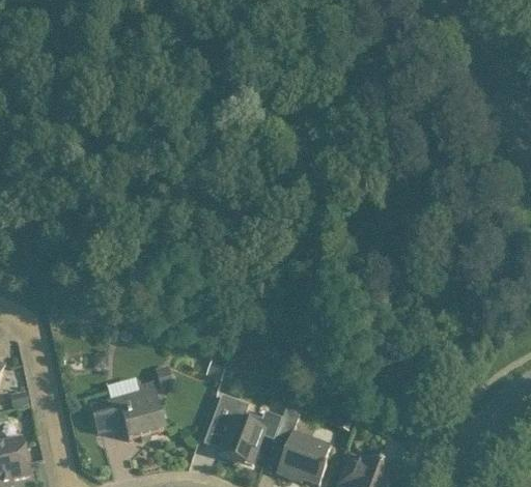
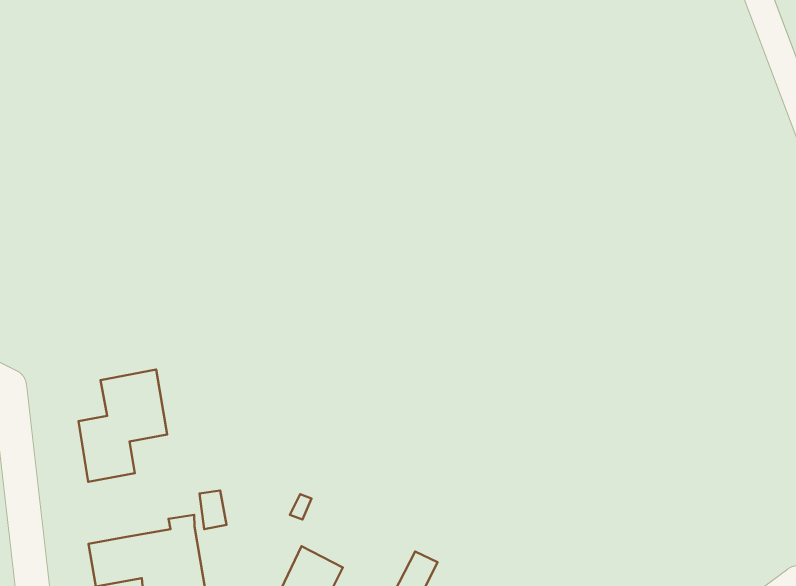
building: none -> [78,370,167,482]

